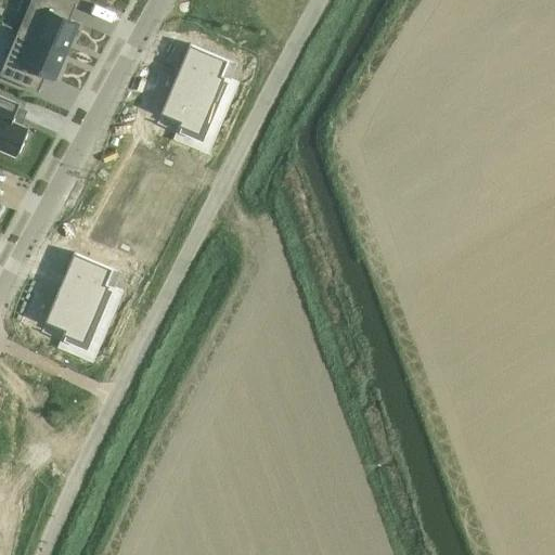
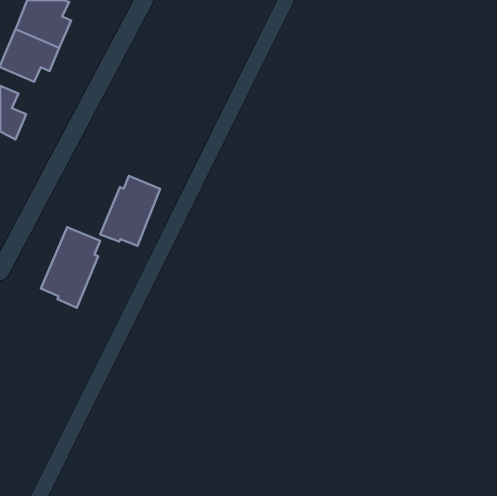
building: [163,46,228,135] -> none
building: none -> [100,176,160,246]

